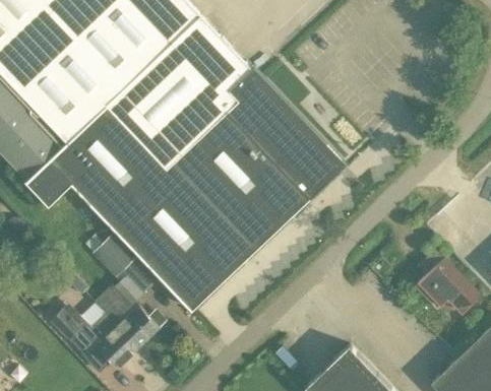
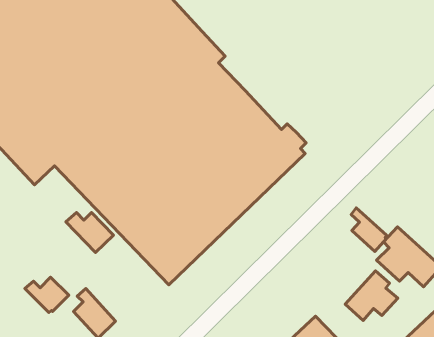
building: none -> [351,208,386,251]
building: [96,276,161,351] -> none
building: none -> [345,271,398,320]

